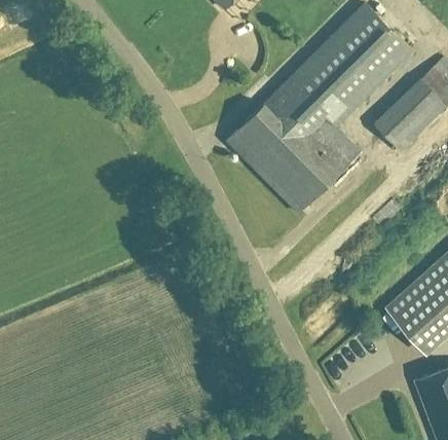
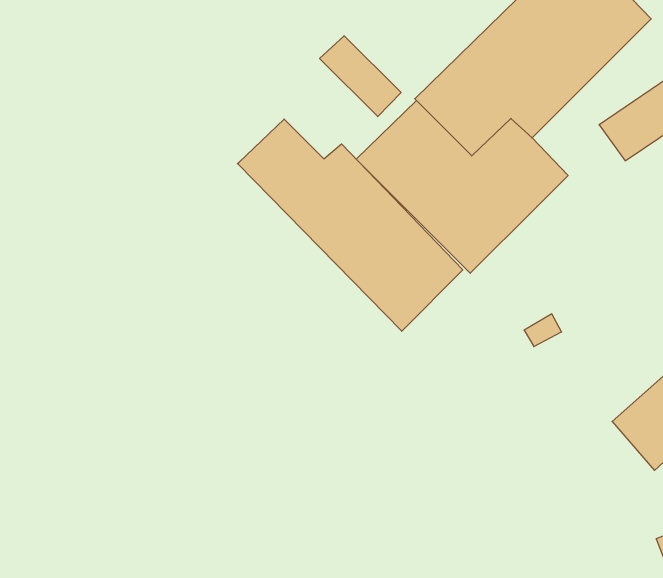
building: none -> [320,36,401,117]
building: none -> [237,119,463,331]

